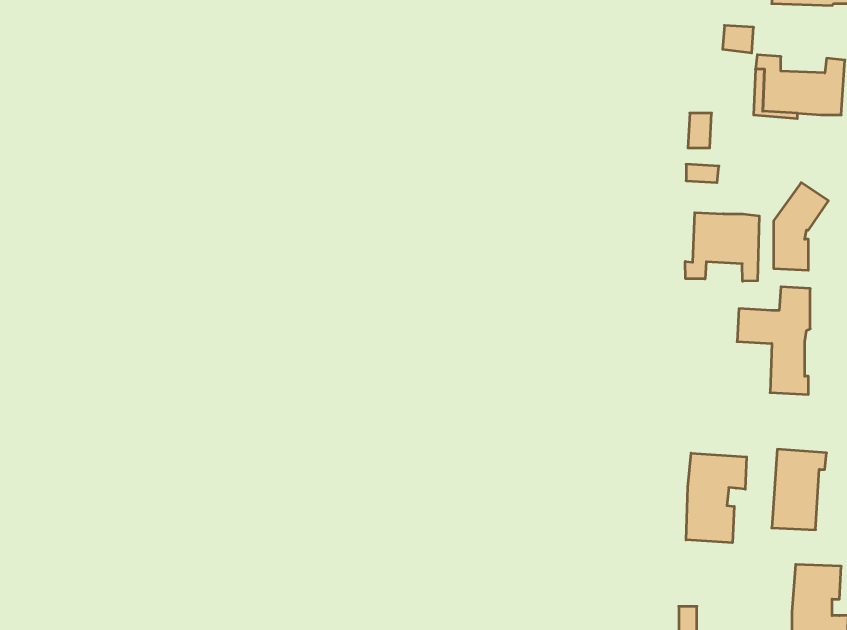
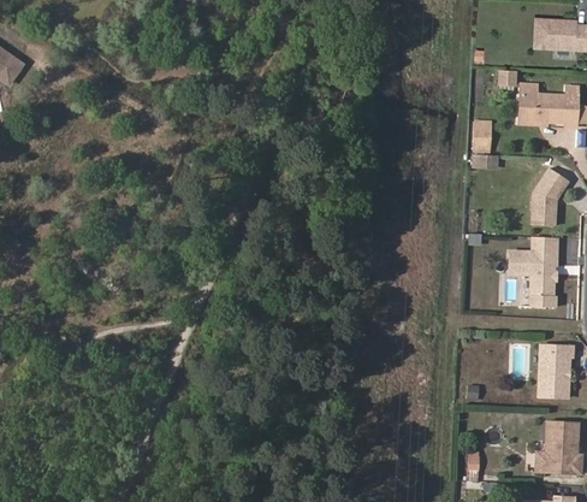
building: [685,213,759,281] -> none
building: [686,453,747,543] -> none

